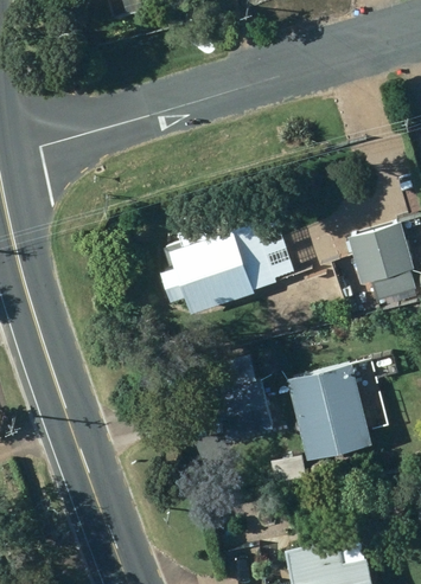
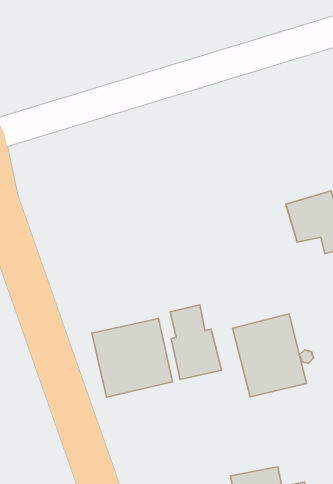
building: [161,230,275,313] -> none
building: none -> [92,318,172,397]

